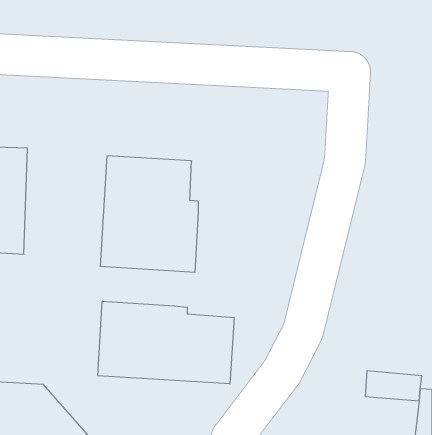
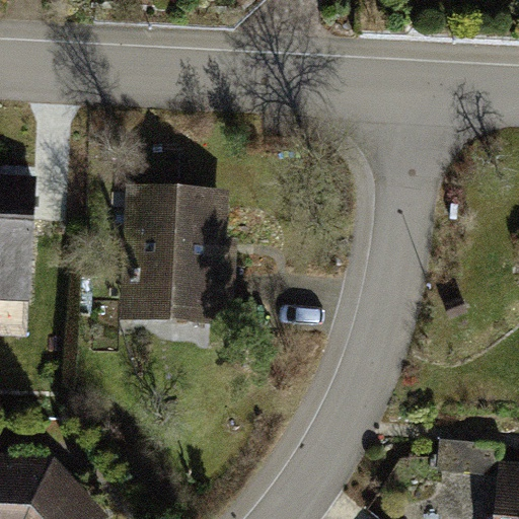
building: [98,301,234,384] -> none

